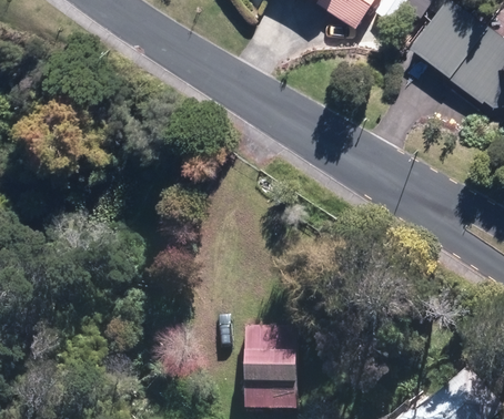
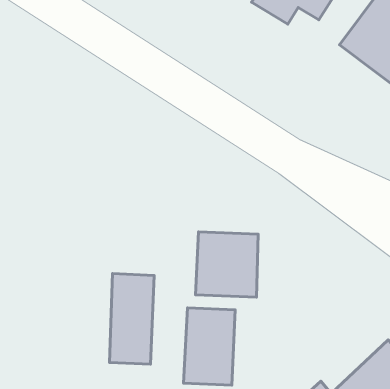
building: none -> [196,232,258,297]
building: none -> [109,274,154,364]

